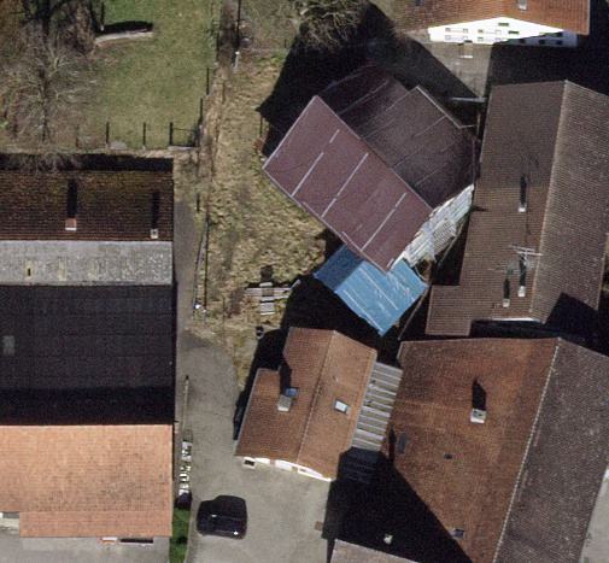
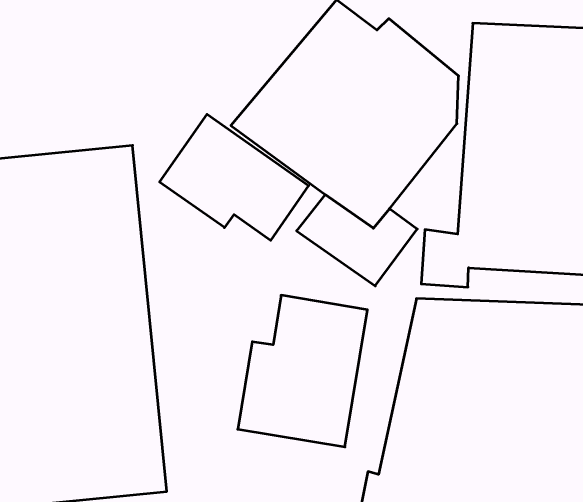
building: none -> [160,114,309,240]

